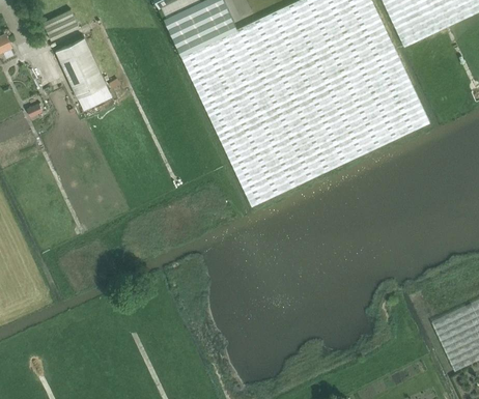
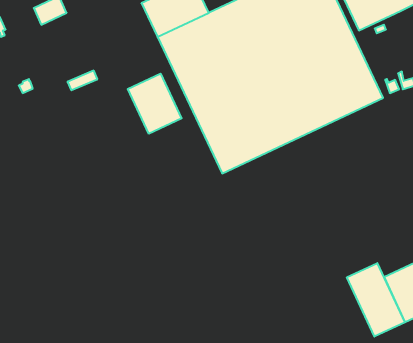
building: [56,37,107,98] -> none
building: none -> [128,74,182,134]
building: none -> [347,263,405,337]

